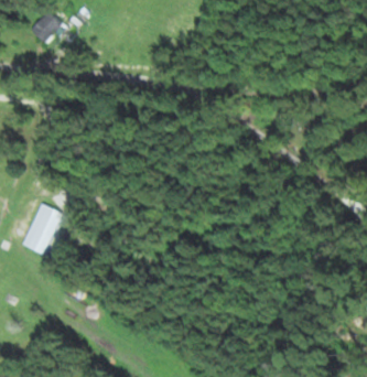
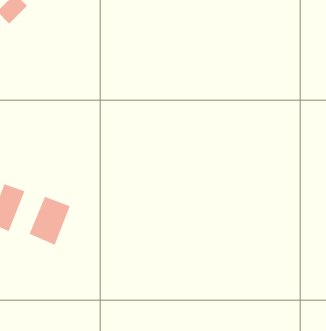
building: none -> [28,196,71,246]

